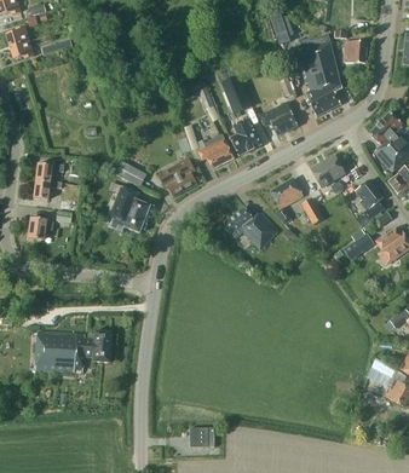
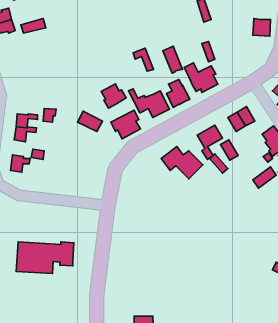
building: [299,36,341,115] -> none
building: none -> [101,84,126,108]
building: [109,185,151,232] -> none

